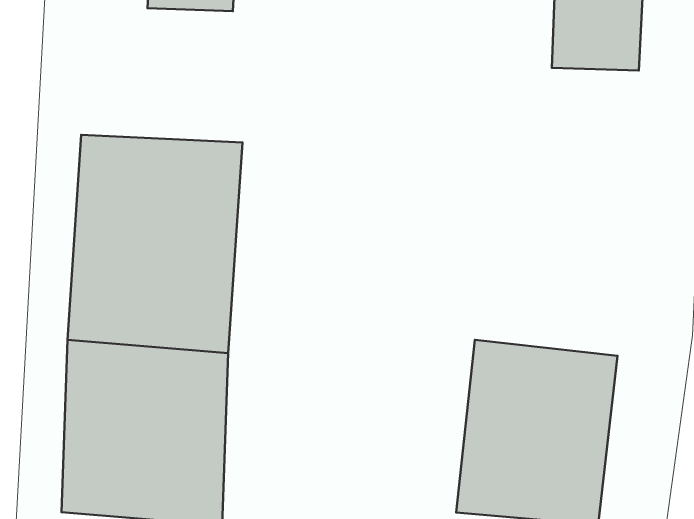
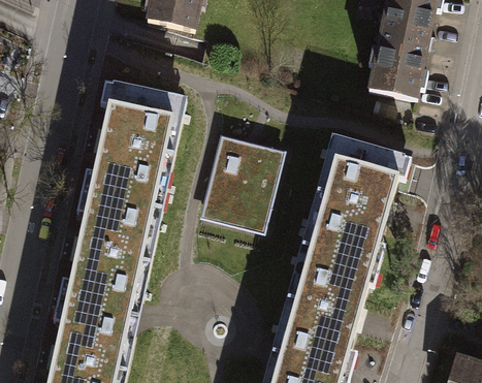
building: none -> [302,139,408,259]
building: none -> [206,143,284,223]

